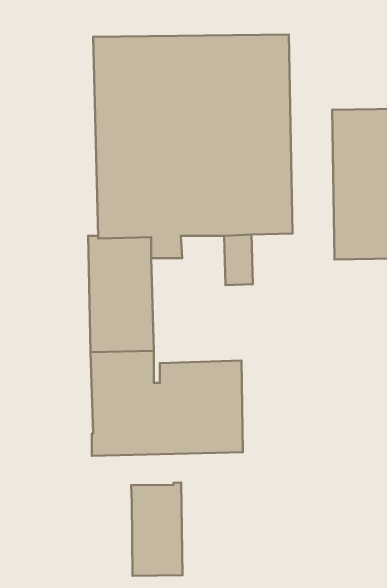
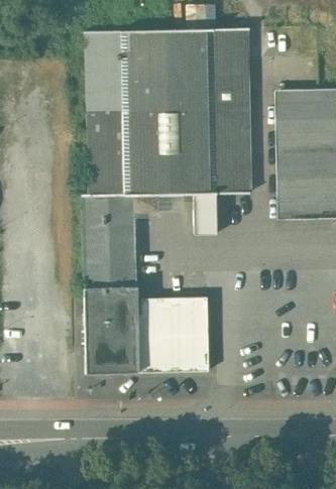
building: [131,482,183,576] -> none

